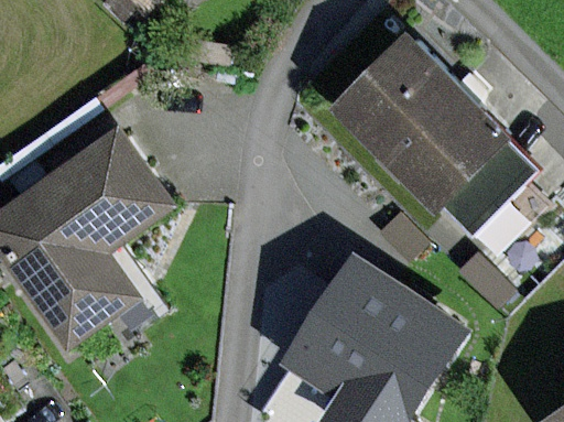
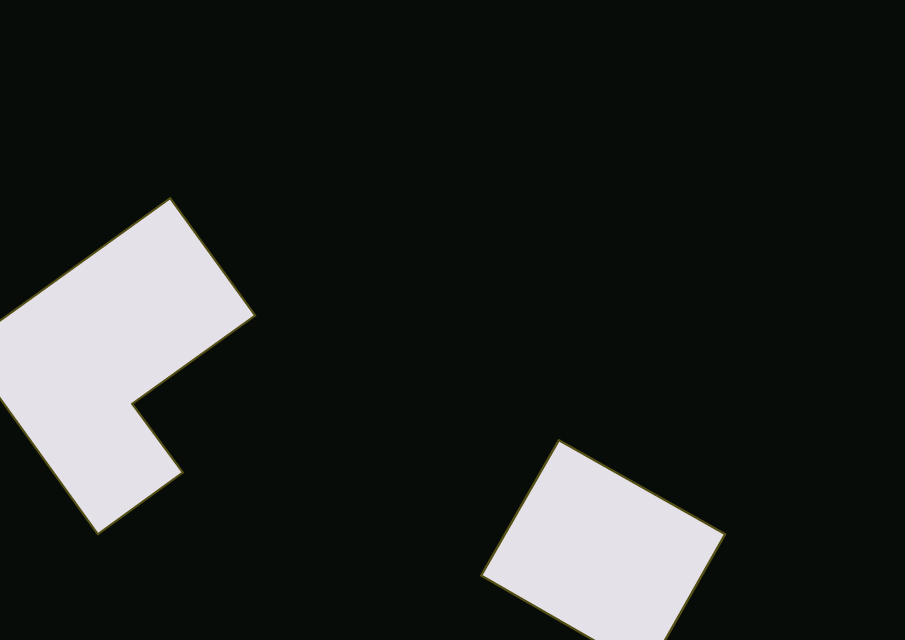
building: [348,43,538,237] -> none

